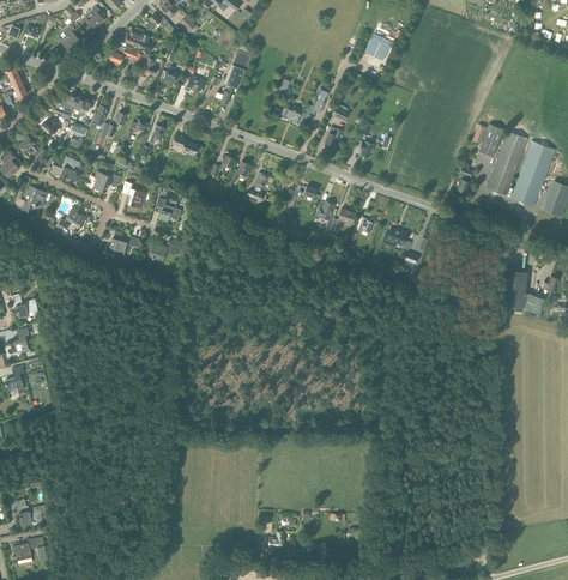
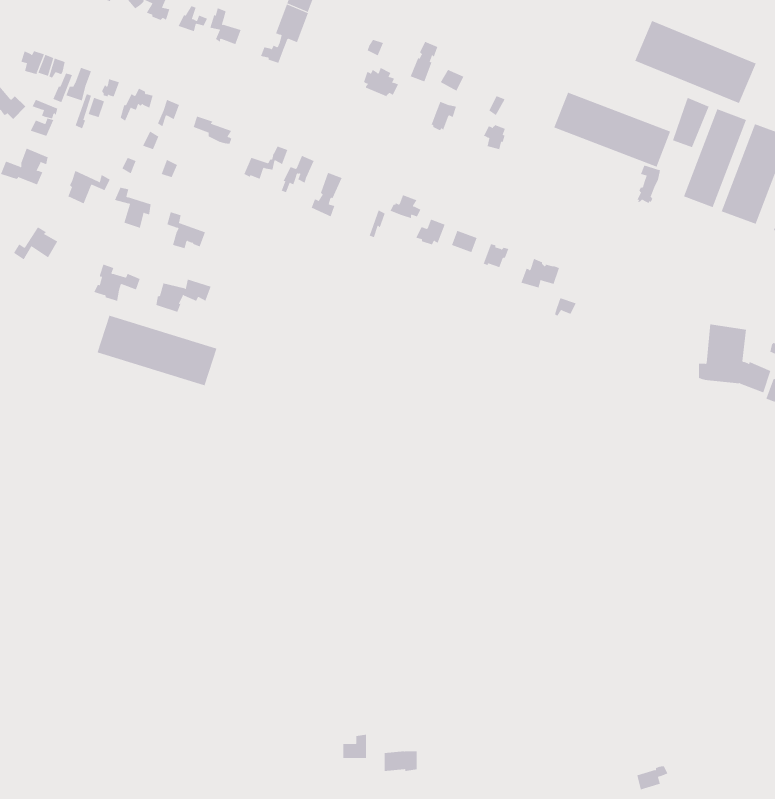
building: none -> [635,20,756,104]
building: none -> [554,92,671,167]
building: none -> [97,315,217,386]

